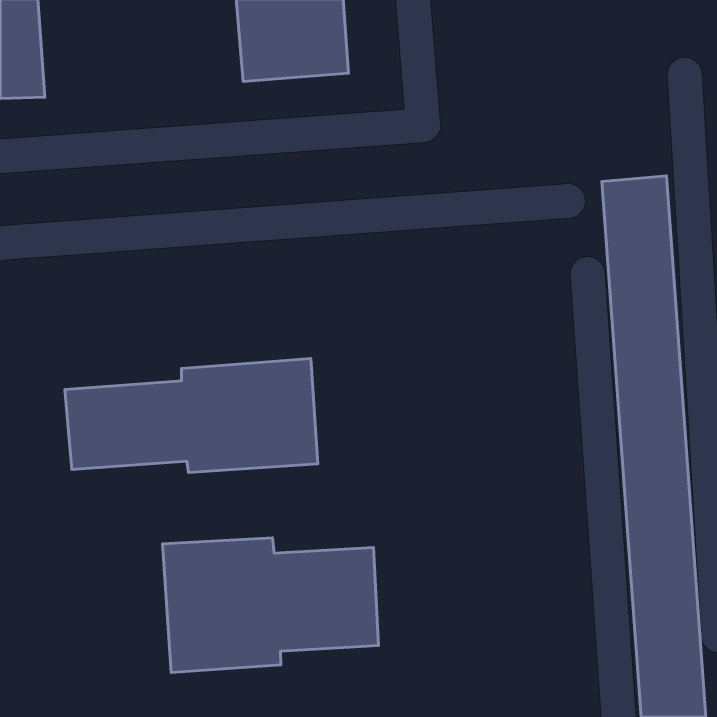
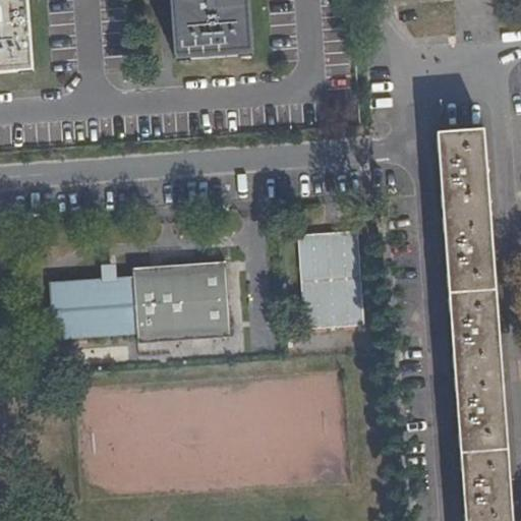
building: none -> [297,229,364,329]
building: [162,538,379,672] -> none

